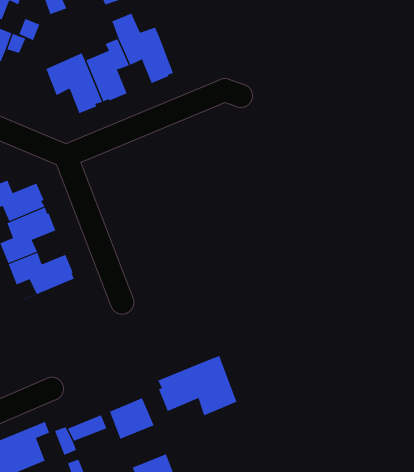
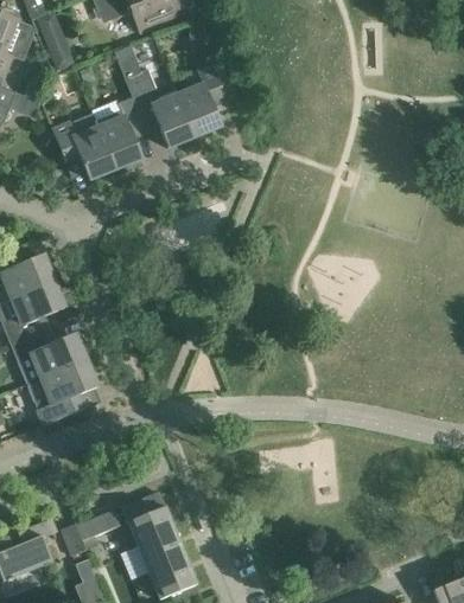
building: none -> [177,64,223,135]
building: none -> [26,361,95,425]
building: [157,355,237,416] -> none
building: none -> [133,522,184,569]

